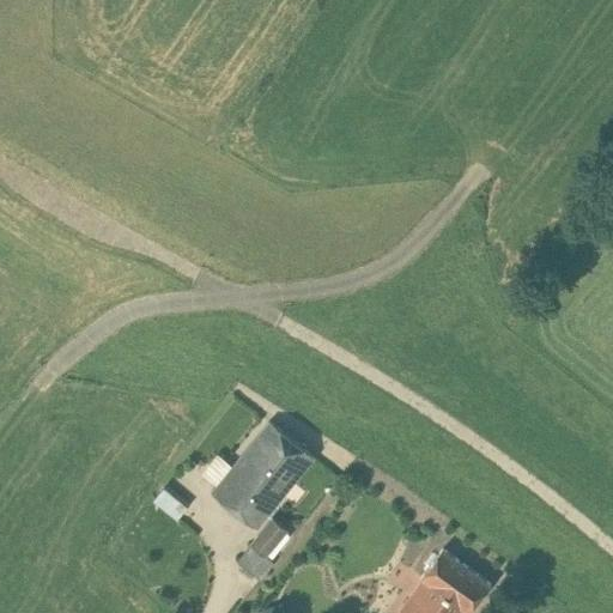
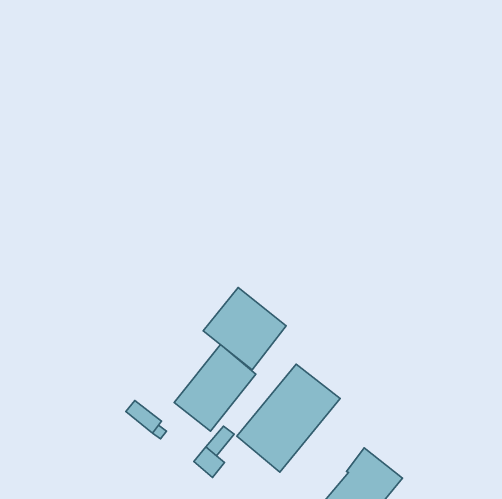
building: none -> [203,287,286,370]
building: none -> [237,364,340,472]

